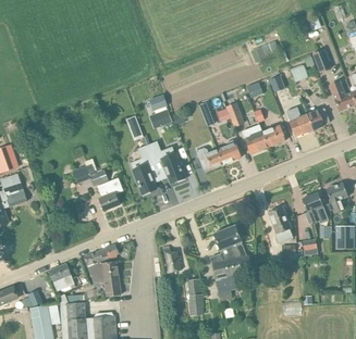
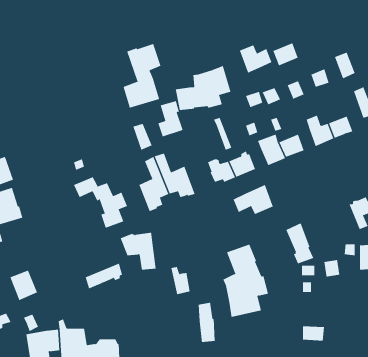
building: none -> [123,43,161,109]
building: none -> [239,44,272,74]
building: none -> [175,65,231,111]
building: none -> [233,184,273,215]
building: [302,192,329,225] -> none
building: [87,262,121,297] -> [120,232,157,270]
building: [48,264,74,292] -> [9,270,38,301]

